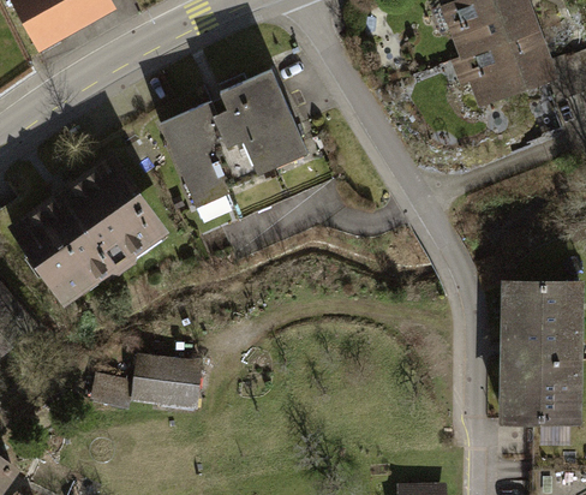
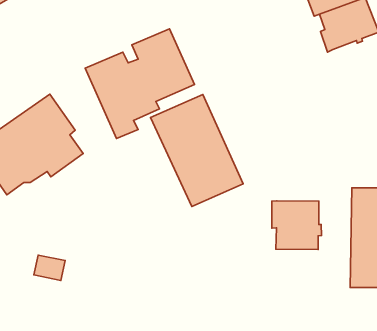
building: none -> [150,94,243,207]
building: none -> [272,201,321,249]
building: [133,358,198,406] -> none

